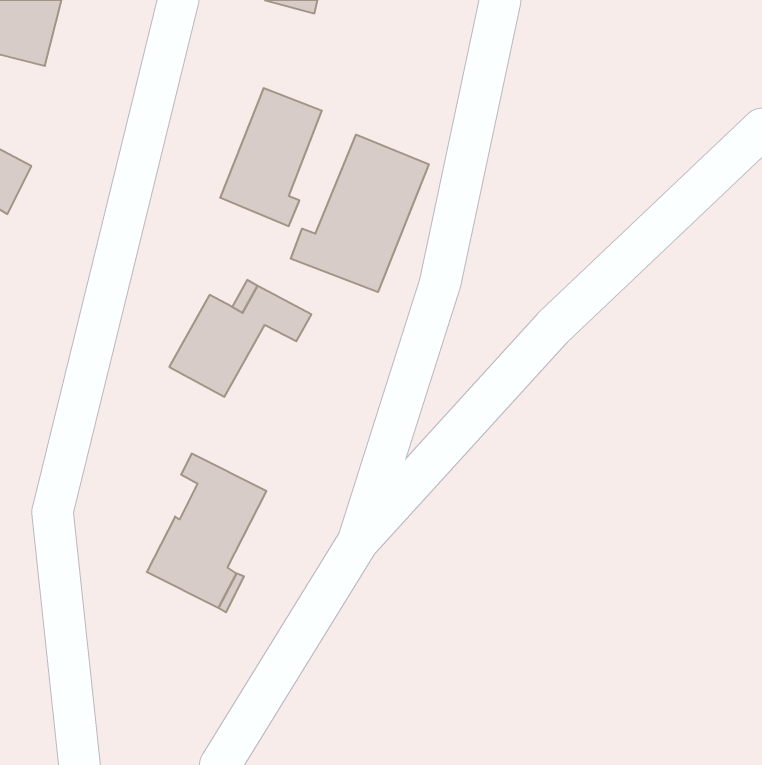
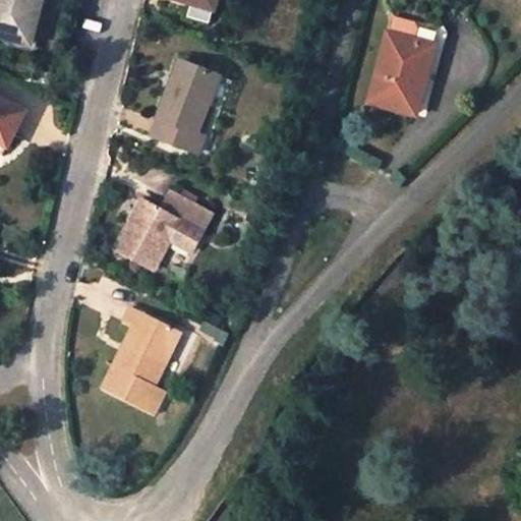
building: none -> [370,16,440,113]
building: [291,135,429,292] -> none

